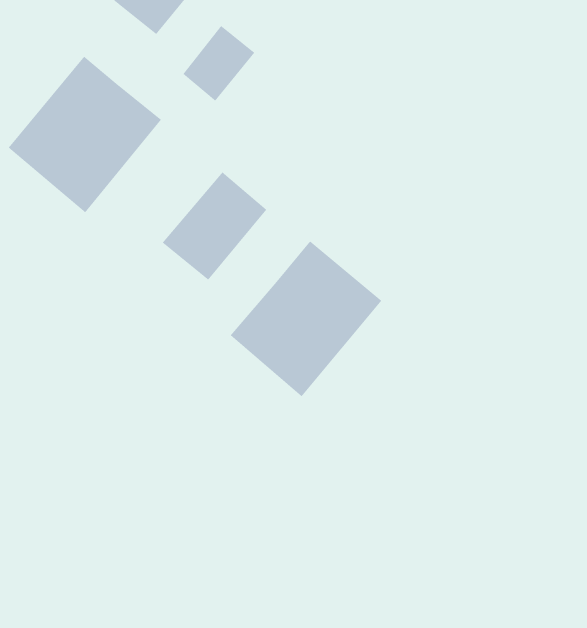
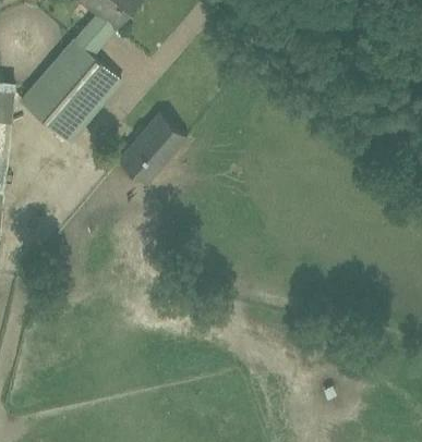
building: [183,25,255,101] -> [70,12,116,60]
building: [230,241,382,397] -> none

